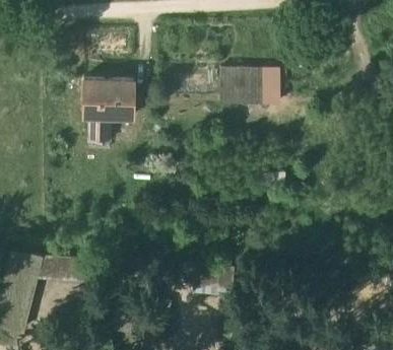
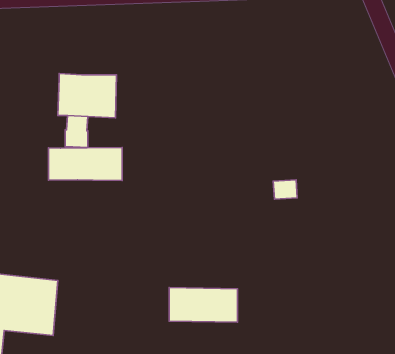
building: [219,68,278,102] -> none
building: none -> [48,147,122,181]

